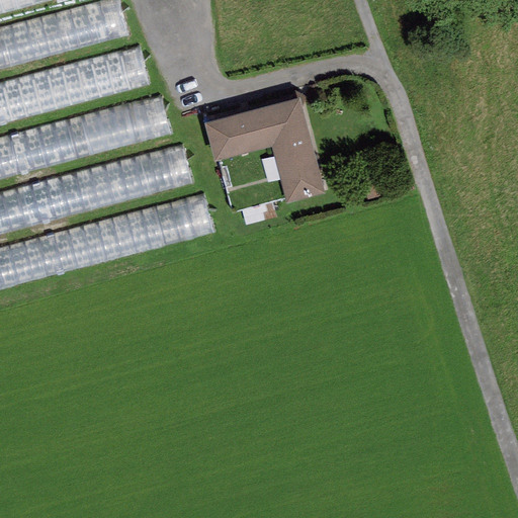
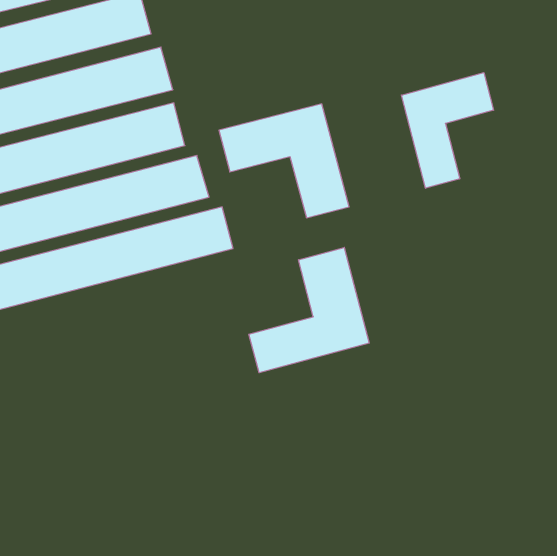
building: none -> [401,73,494,188]
building: none -> [249,247,369,373]

